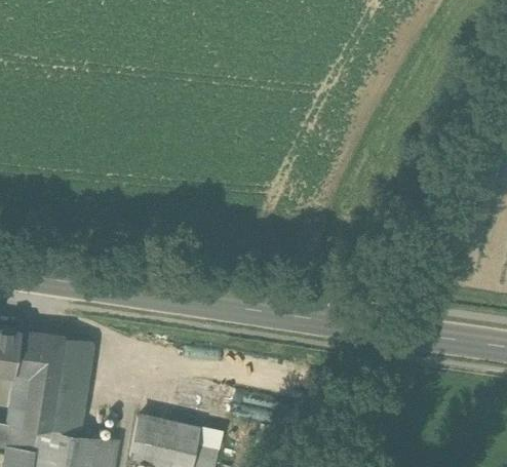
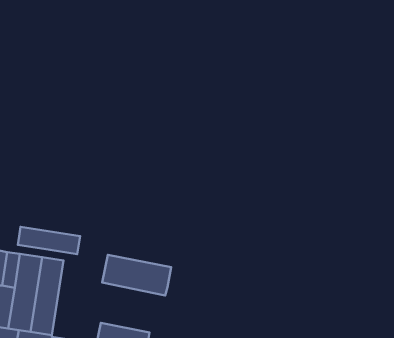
building: none -> [18,227,80,254]
building: none -> [102,255,171,296]

